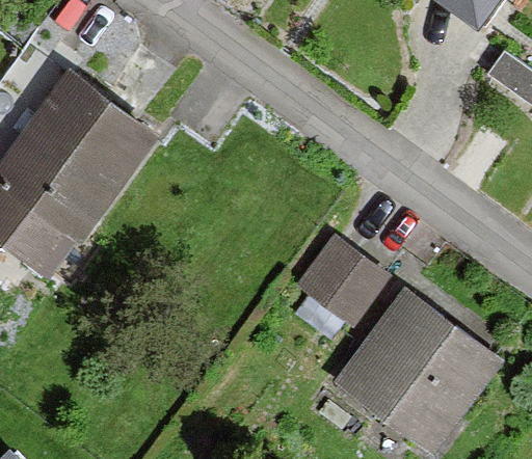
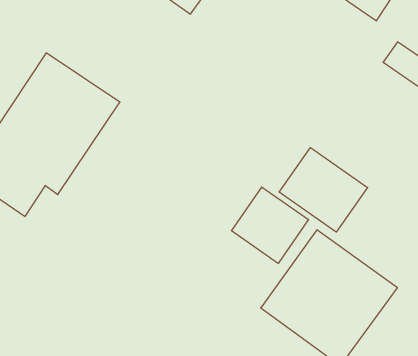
building: none -> [279,148,368,232]

